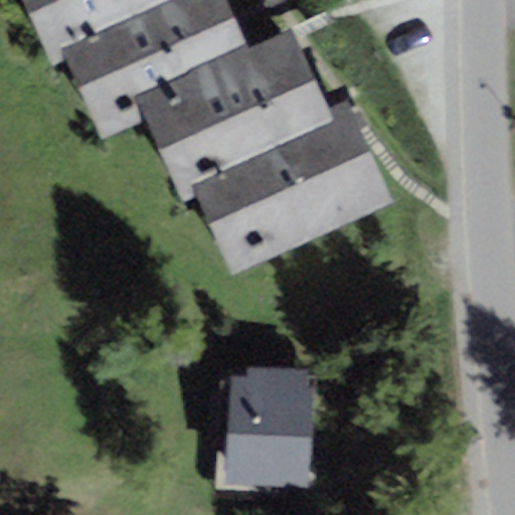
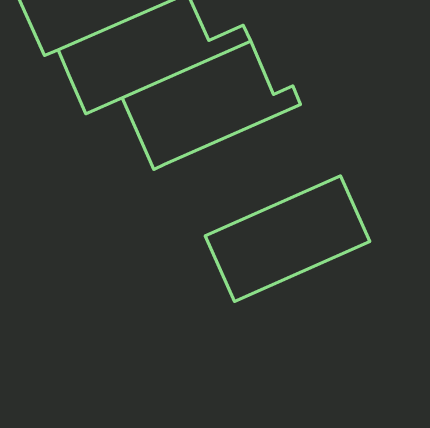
building: [197,125,394,275] -> [205,176,370,301]
building: [234,368,308,482] -> none

